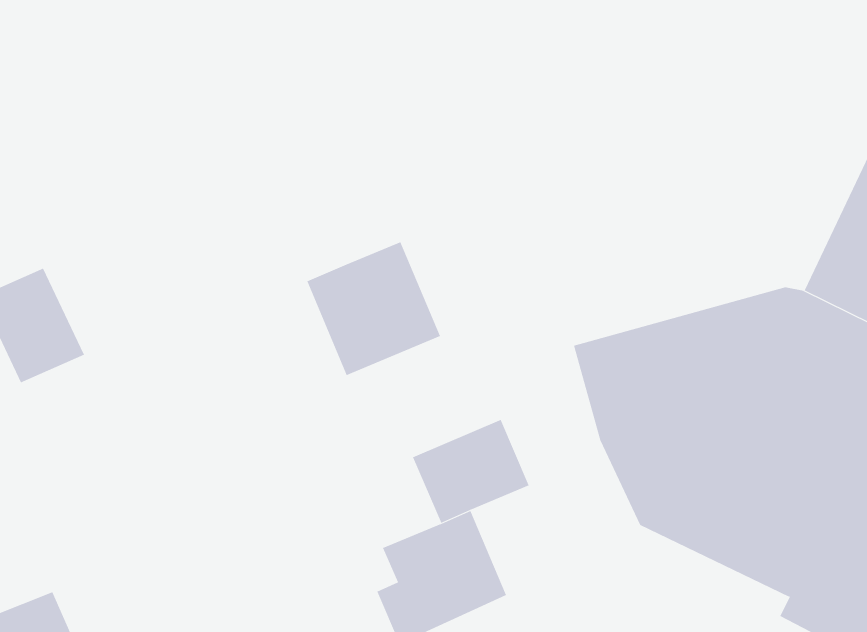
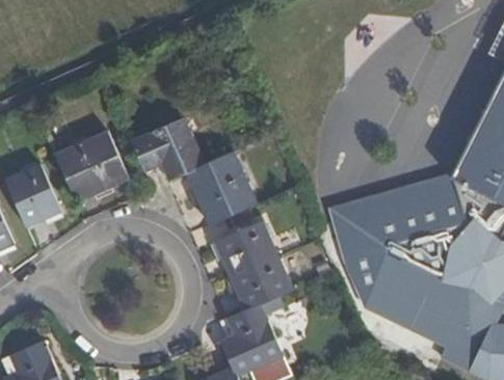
building: none -> [128,115,204,182]
building: none -> [52,133,125,202]
building: none -> [226,214,289,268]

